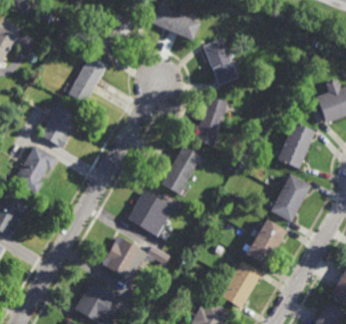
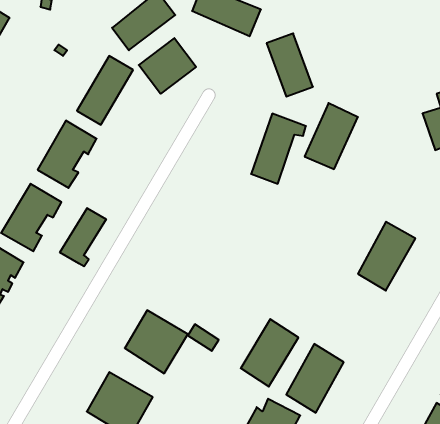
building: none -> [139,38,196,94]
building: [277,121,315,169] -> [305,103,358,169]
building: [160,145,201,195] -> none
building: none -> [60,208,106,266]
building: [128,191,175,238] -> none
building: [245,219,286,267] -> [241,319,298,387]

